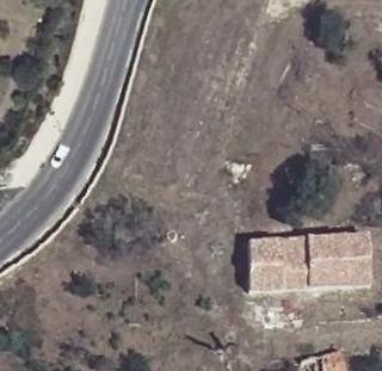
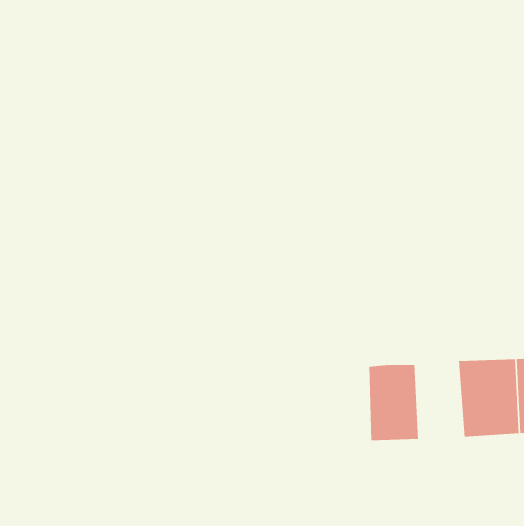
building: [279,235,310,285] -> none

